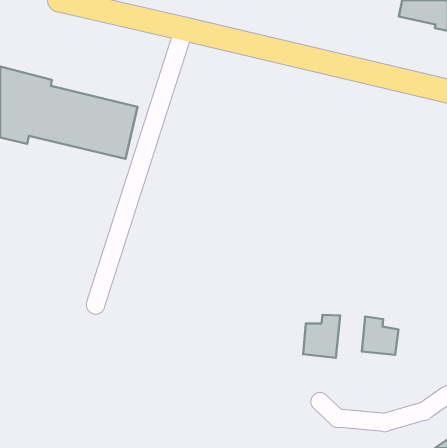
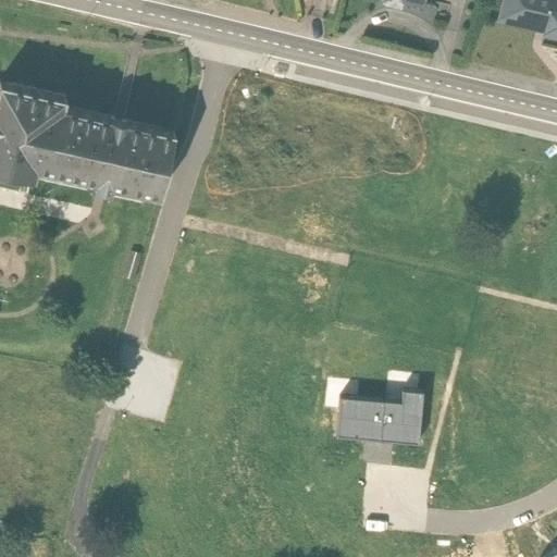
building: [362,316,398,355] -> none
building: none -> [336,397,381,440]

